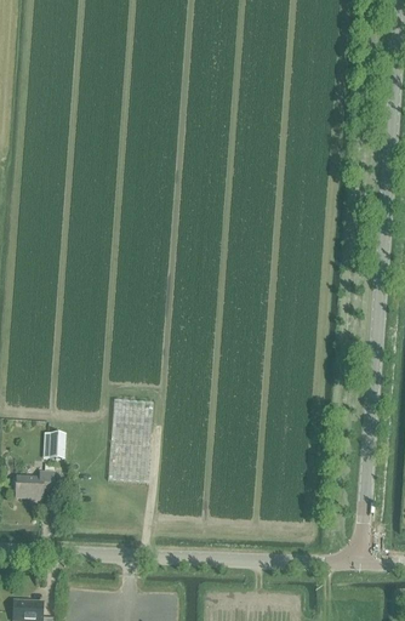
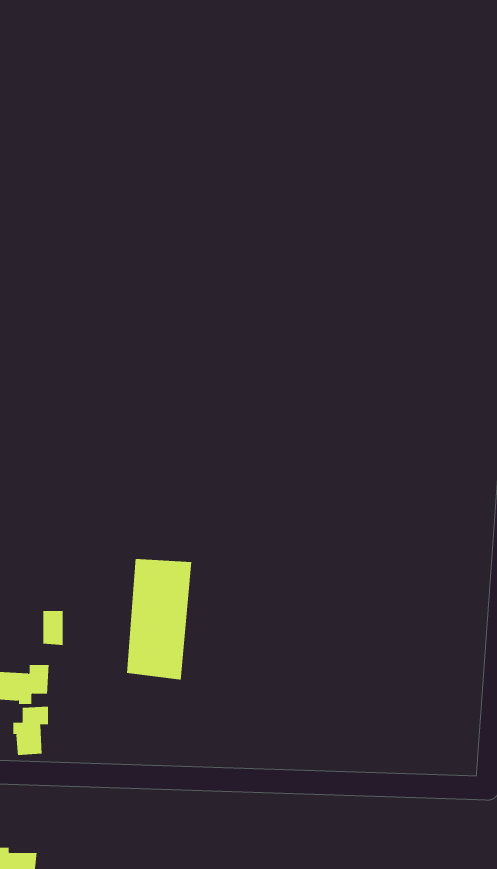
building: none -> [13,706,48,756]

